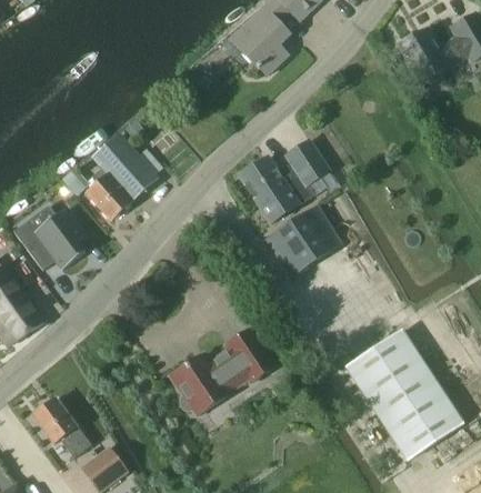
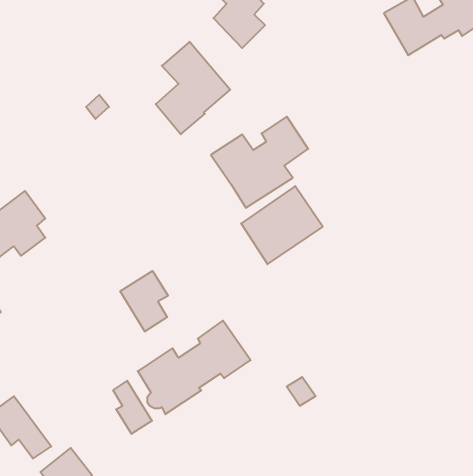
building: [88,134,157,220] -> [156,42,230,134]
building: none -> [120,271,168,332]
building: [344,330,462,460] -> none
building: none -> [113,381,152,434]

